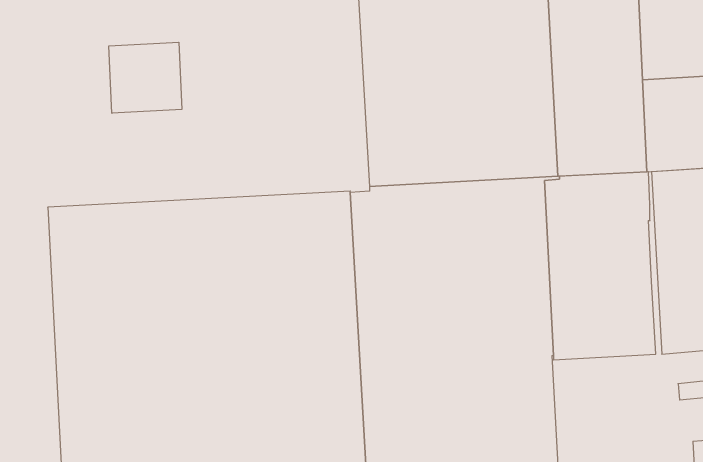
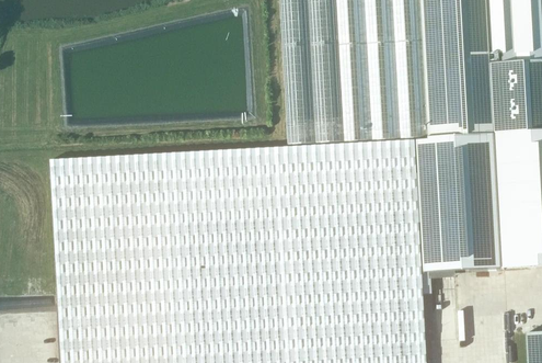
building: [109,42,182,113] -> none

